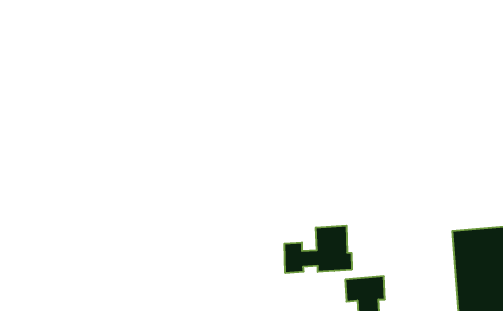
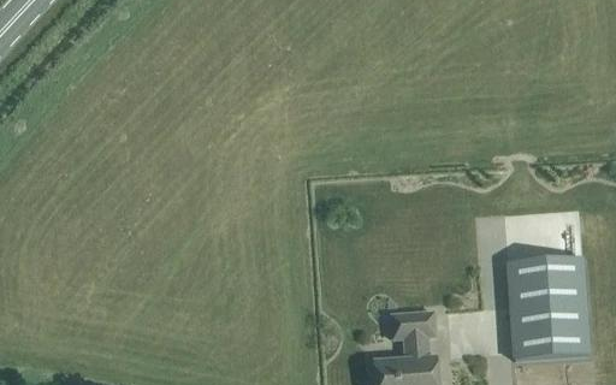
building: [284,226,352,273] -> none

